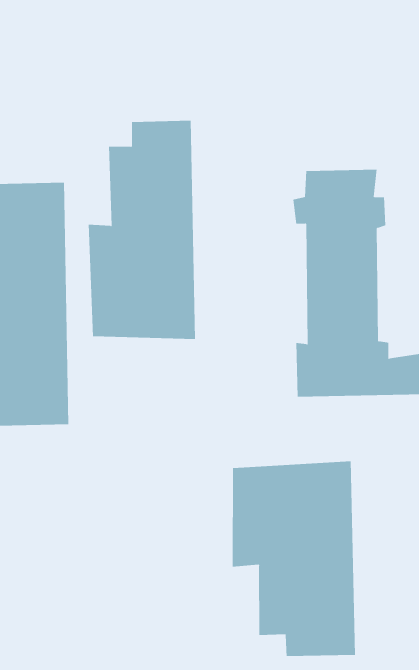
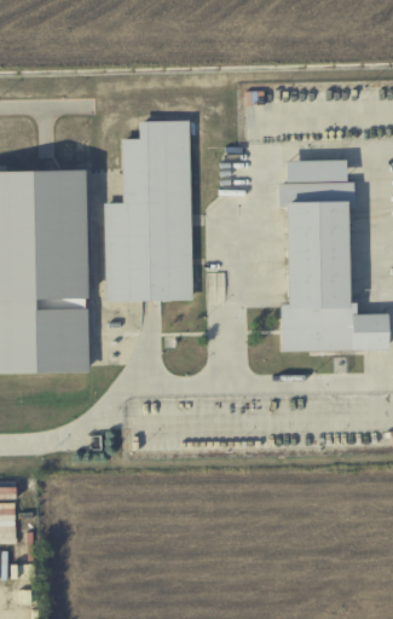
building: [232,460,355,657] -> none

